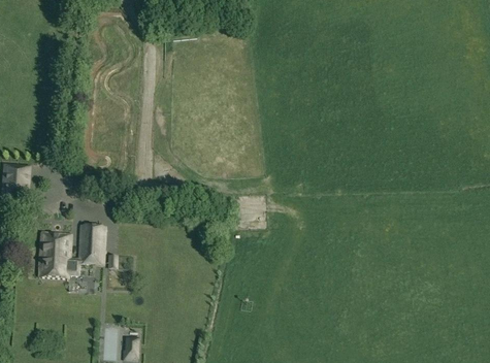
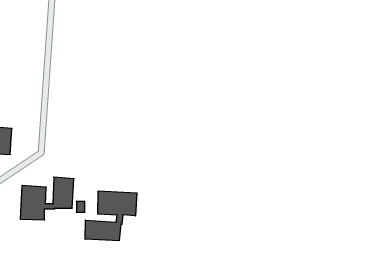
building: none -> [85,191,137,241]

